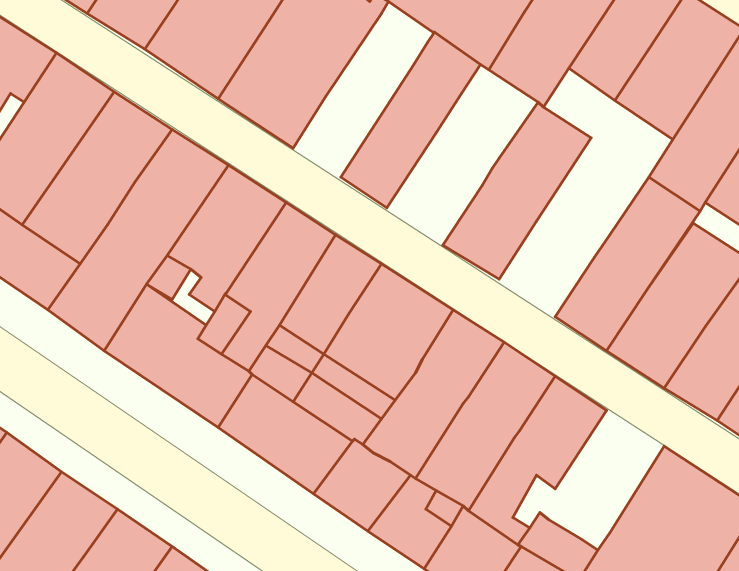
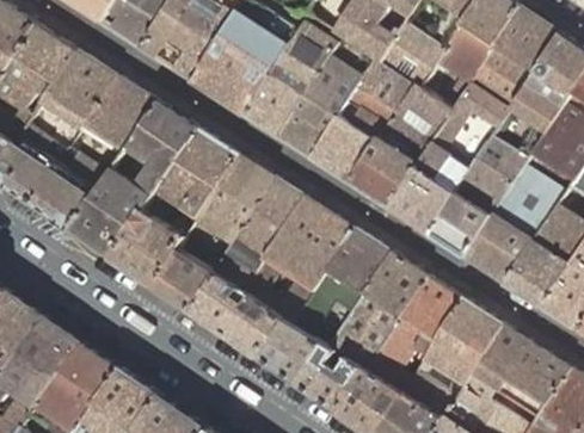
building: none -> [250,26,344,141]
building: none -> [315,62,422,188]
building: none -> [394,87,516,239]
building: none -> [430,304,510,390]

